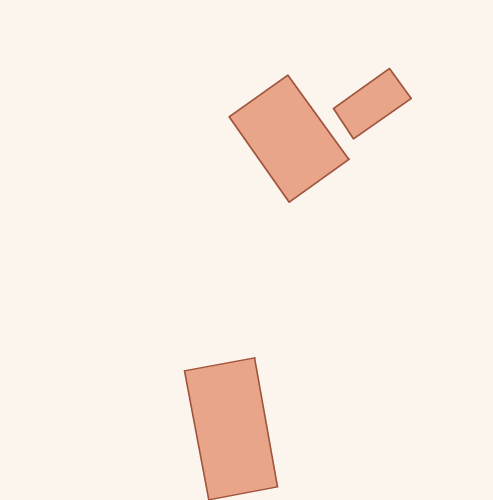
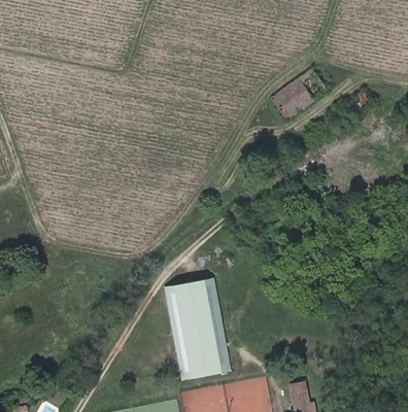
building: [229,75,349,202] -> none

